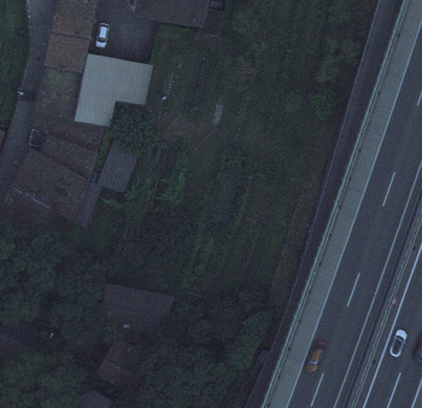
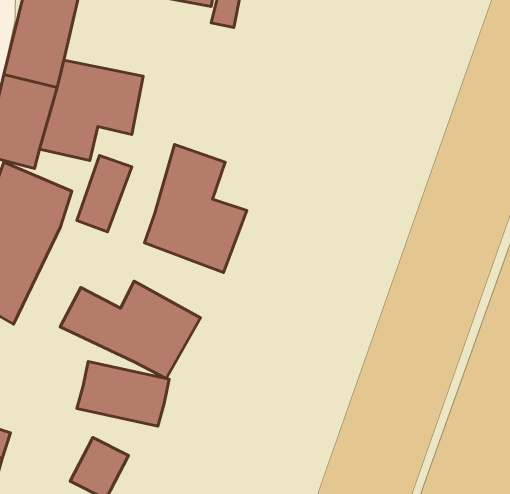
building: none -> [145,144,247,273]
building: none -> [60,281,200,379]

